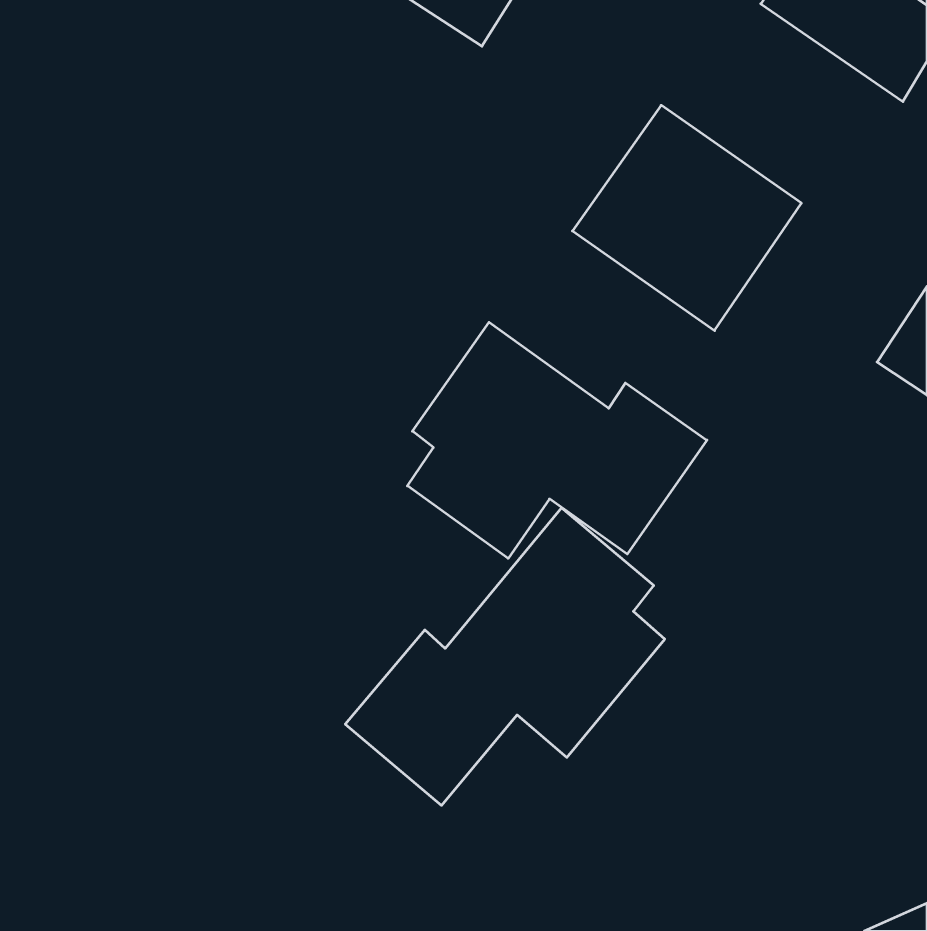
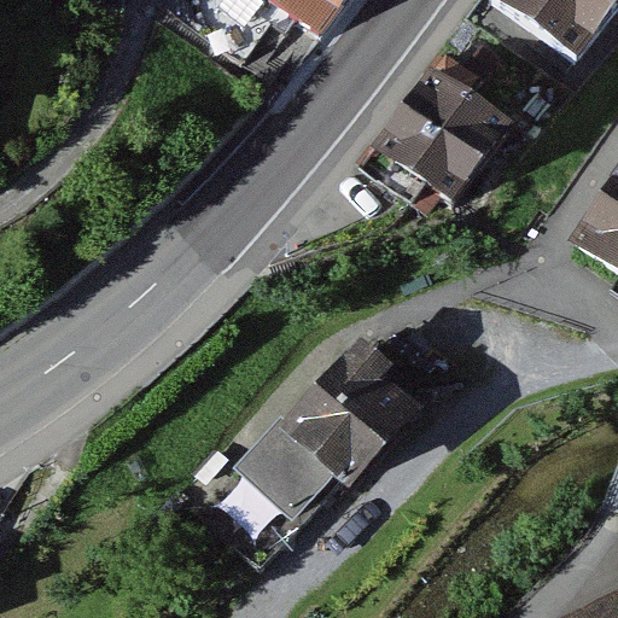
building: [407,322,707,558] -> none

